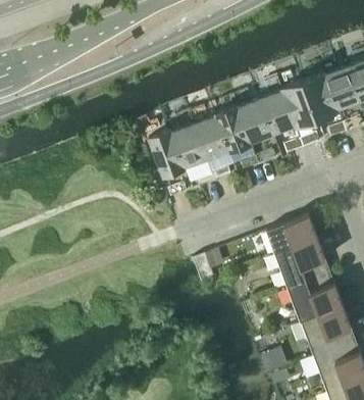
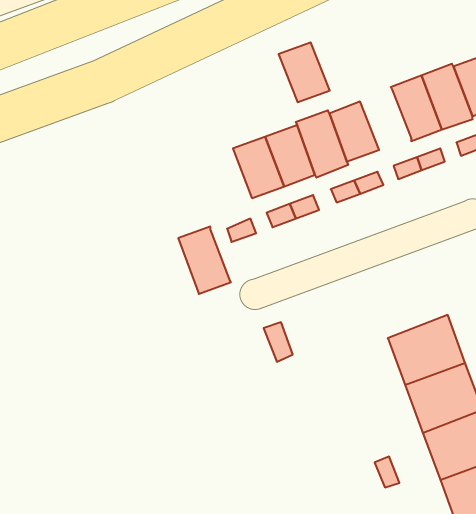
building: [260,91,296,133] -> [279,42,330,102]
building: [149,130,186,177] -> [178,227,231,294]
building: [266,214,321,264] -> none

